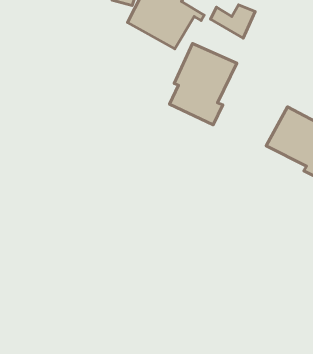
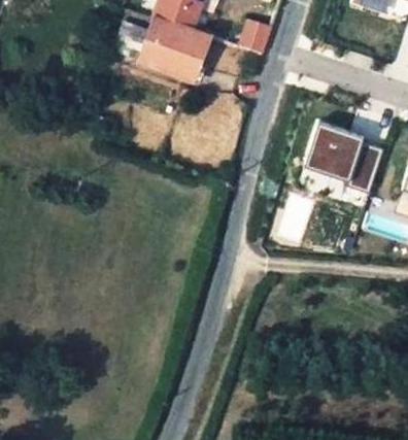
building: [170,43,237,125] -> none

